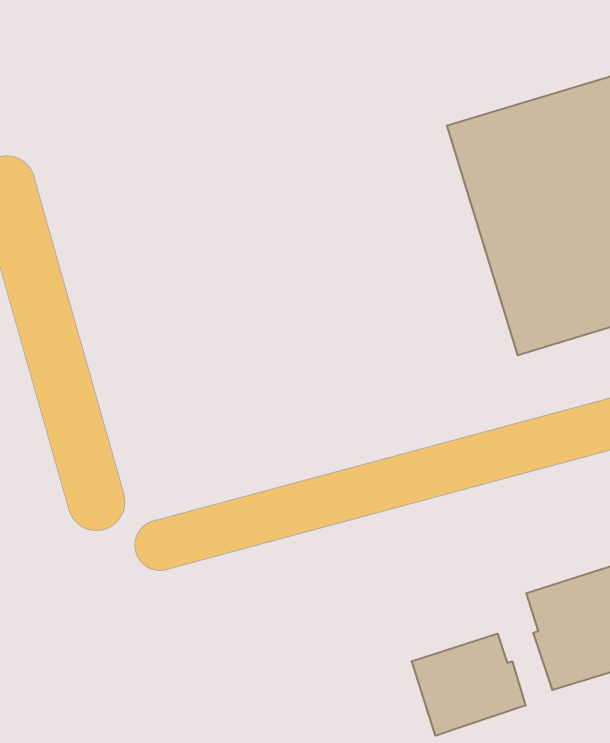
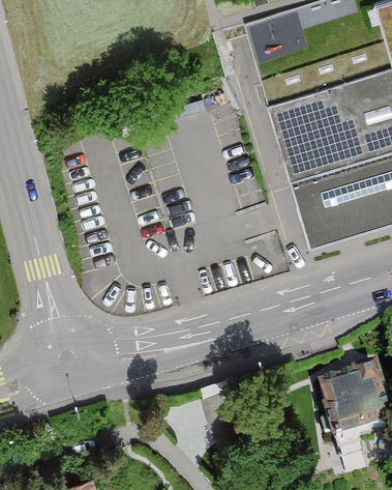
building: [412,634,526,736] -> none

